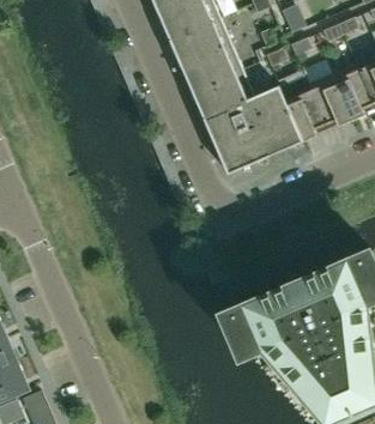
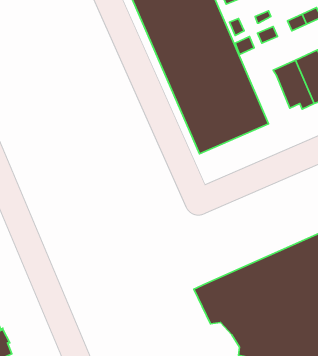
building: [285,90,325,141] -> none

